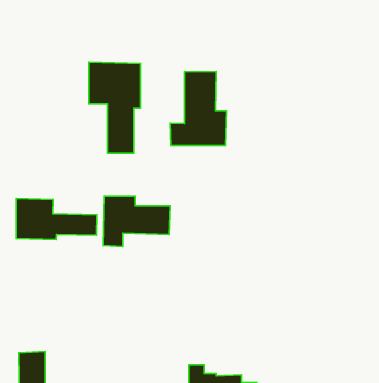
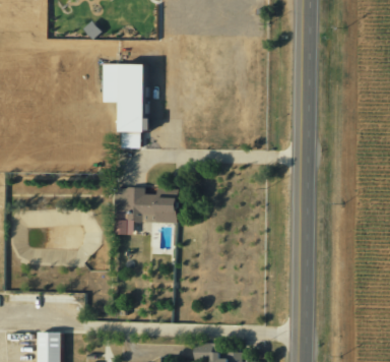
building: [170,71,226,145] -> none
building: [16,199,97,239] -> none

